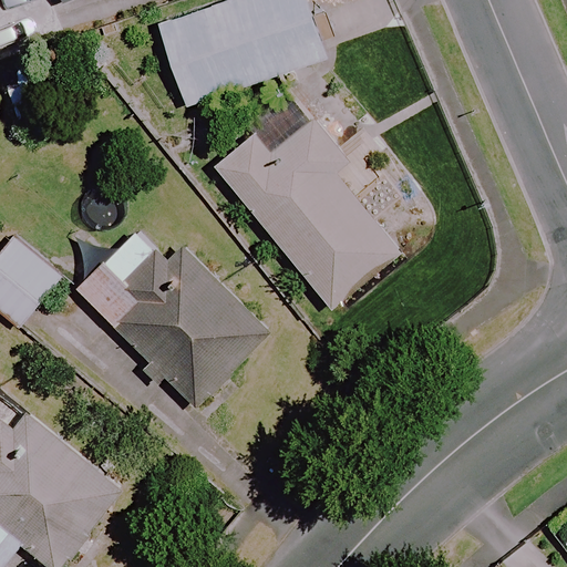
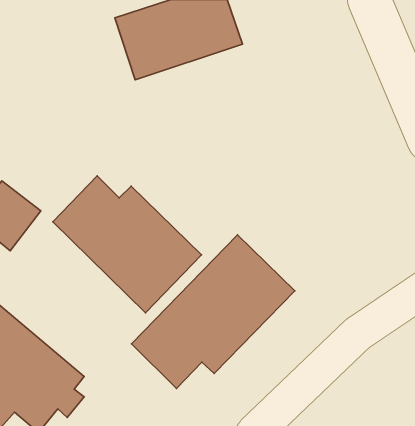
building: [217,102,399,308] -> none
building: none -> [132,235,295,389]

